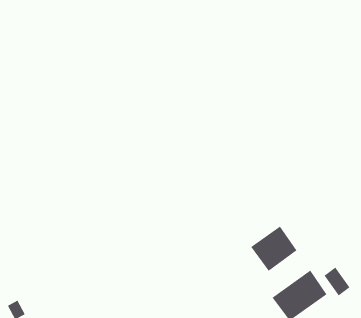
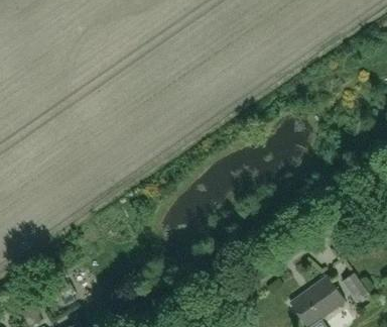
building: [250,225,298,272] -> none

